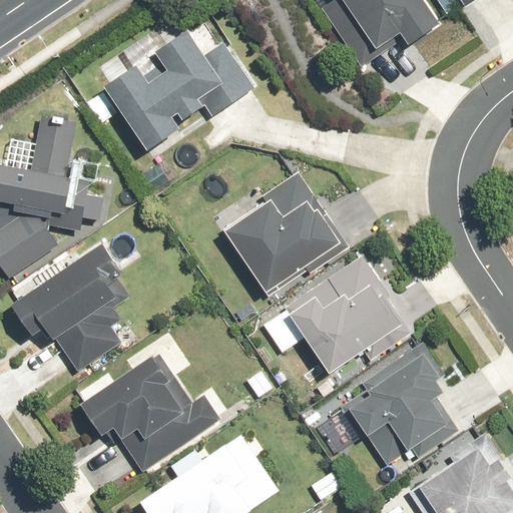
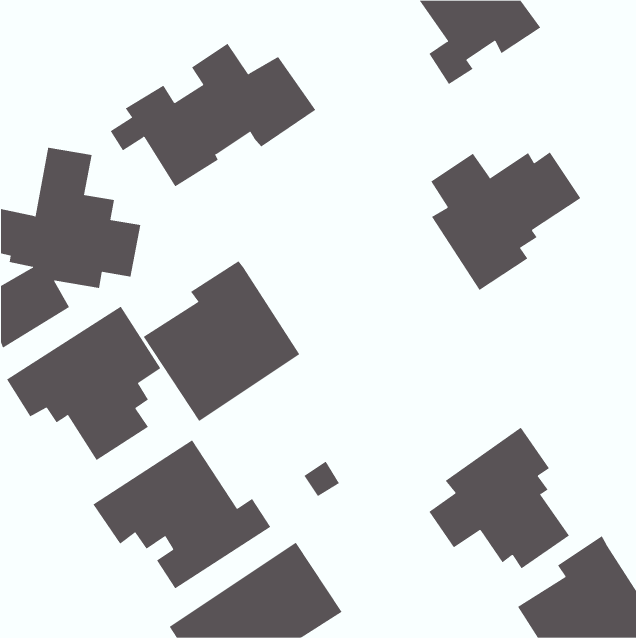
building: none -> [430,151,581,291]
building: [219,169,346,299] -> [143,261,300,422]
building: [283,255,406,376] -> none

